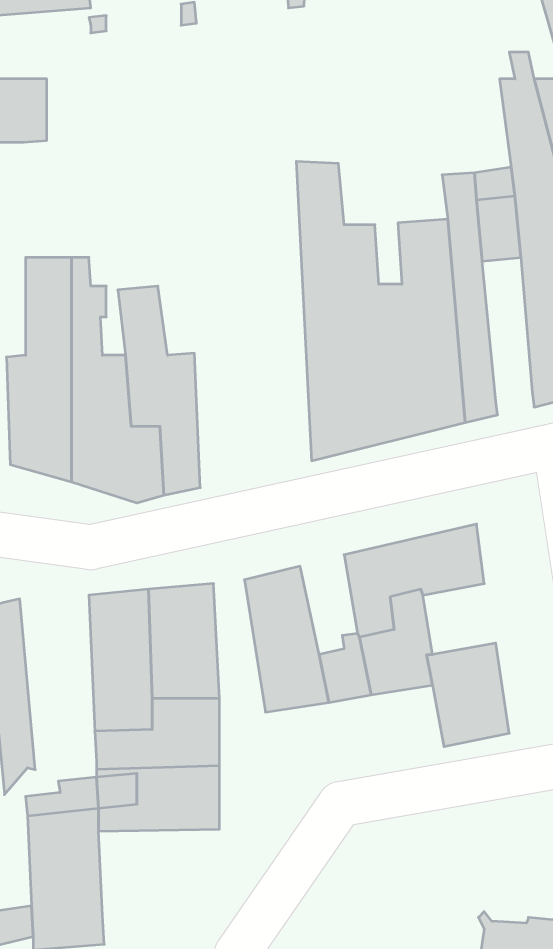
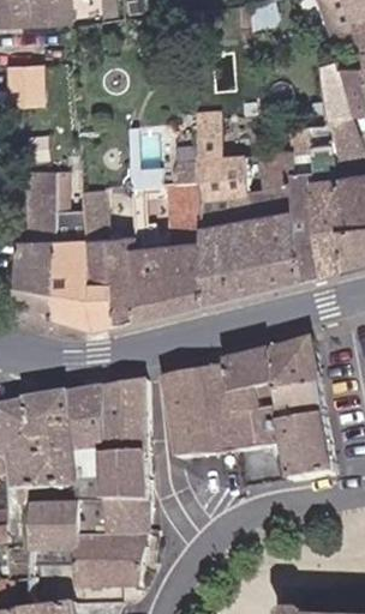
building: none -> [130,118,205,321]
building: none -> [312,177,343,267]
building: none -> [198,363,234,426]
building: none -> [275,381,321,426]
building: none -> [23,389,71,498]
building: none -> [72,535,148,589]

